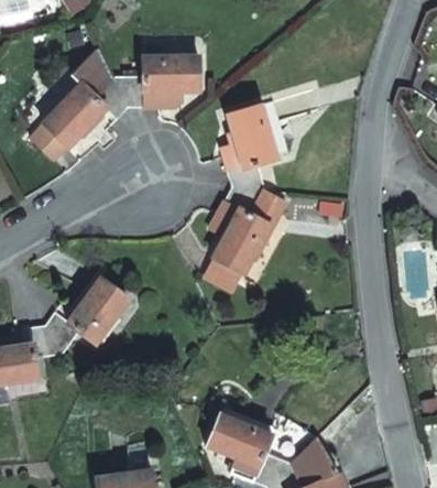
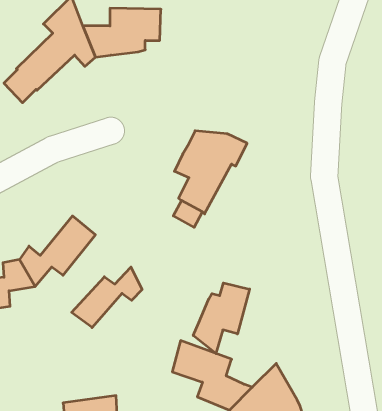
building: [225,105,277,191] -> none
building: none -> [72,267,142,328]
building: none -> [193,283,250,354]

